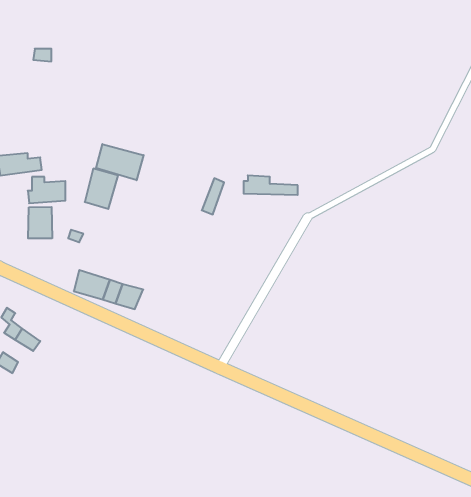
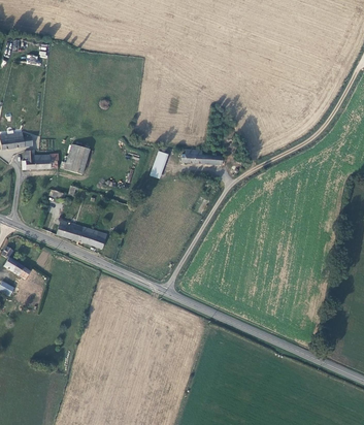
building: [96,144,144,180] -> none
building: [28,207,52,238] -> none

